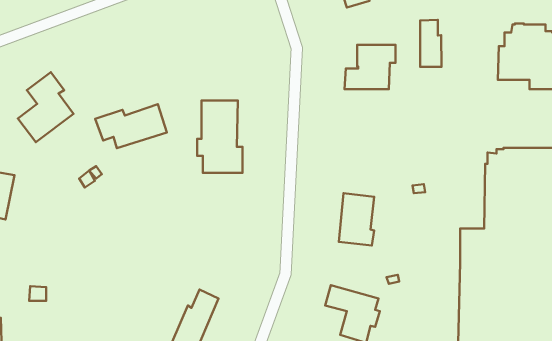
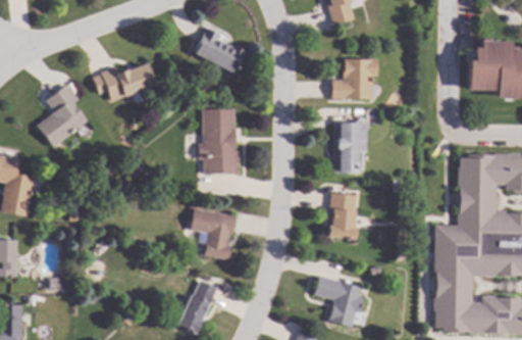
building: none -> [195,28,247,75]
building: [420,20,441,67] -> none
building: [95,104,167,148] -> [92,61,156,101]
building: none -> [332,123,367,174]
building: none -> [191,208,237,260]

